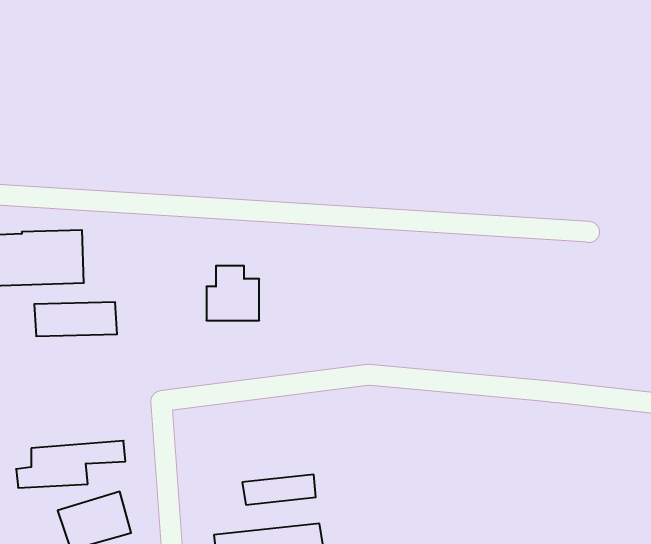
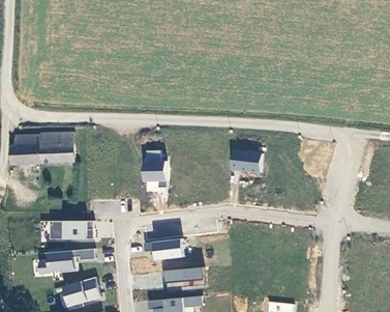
building: none -> [229,148,263,172]
building: [34,302,117,336] -> [49,220,94,238]
building: none -> [143,238,185,261]

